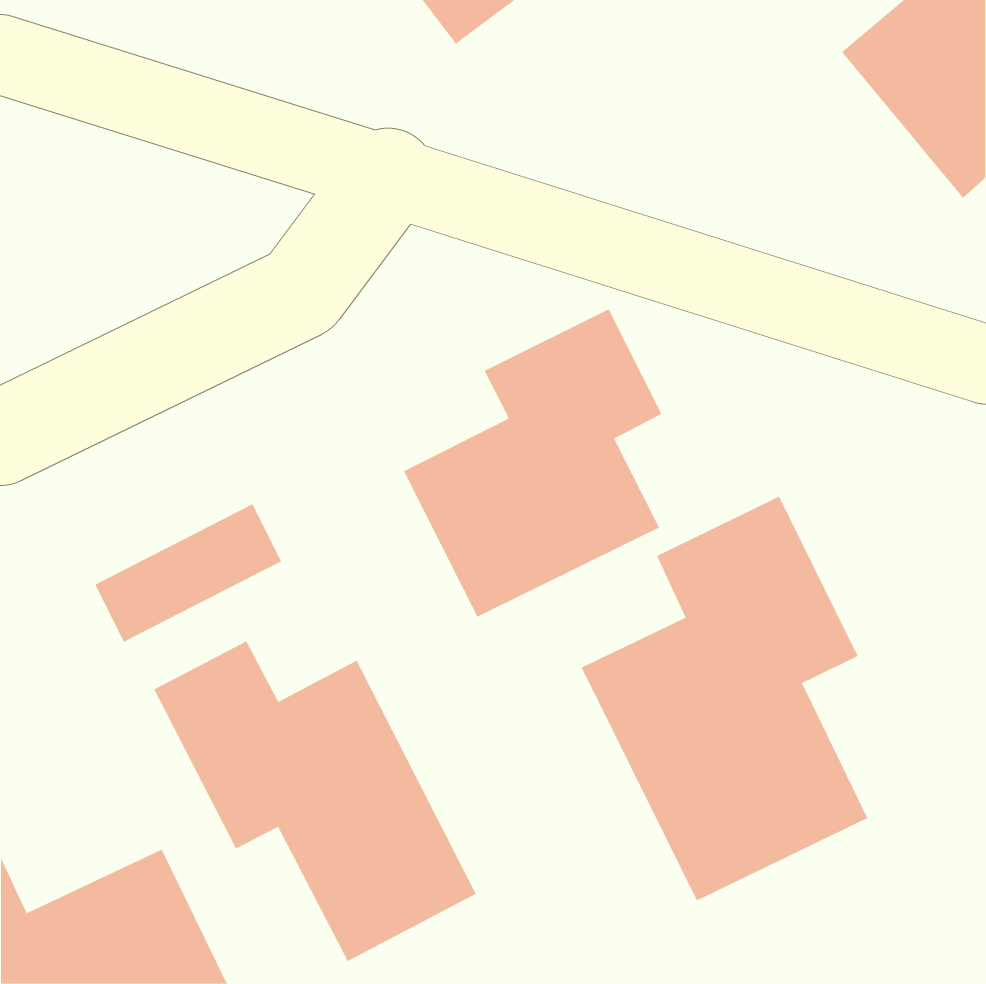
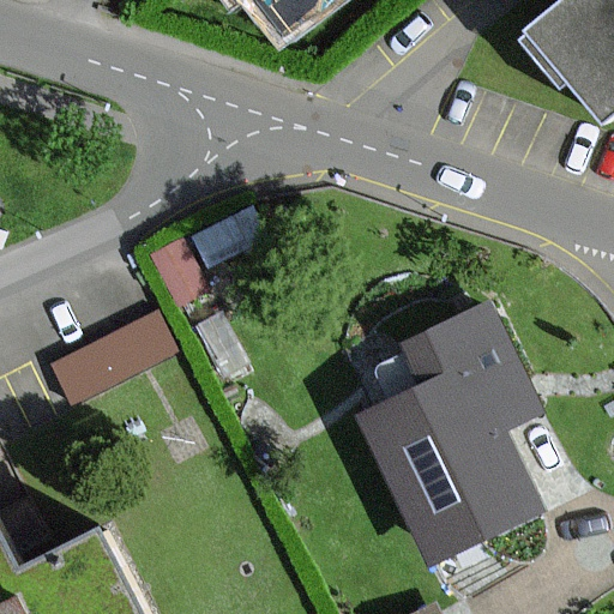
building: [403,309,662,618] -> none
building: [154,640,476,962] -> none

